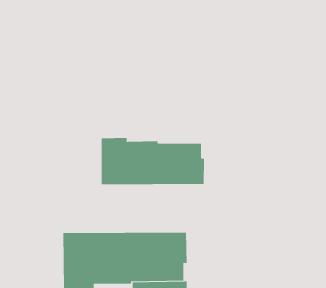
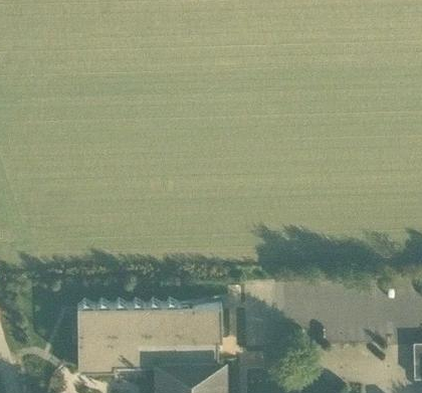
building: [101,137,204,185] -> none

